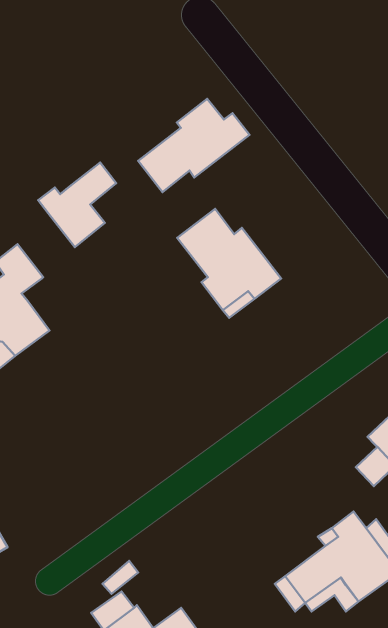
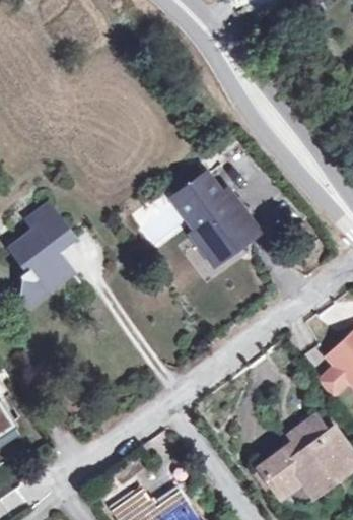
building: [138,99,250,192] -> none
building: [38,162,116,247] -> none

